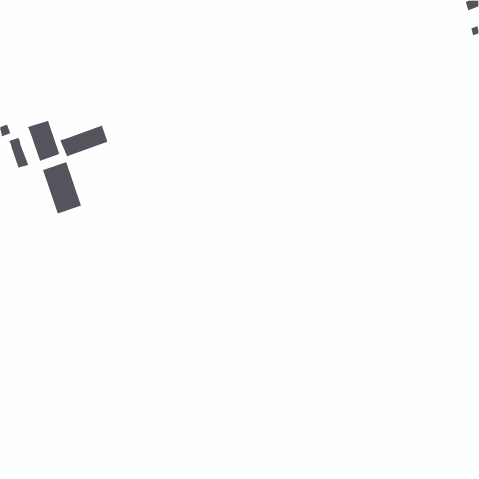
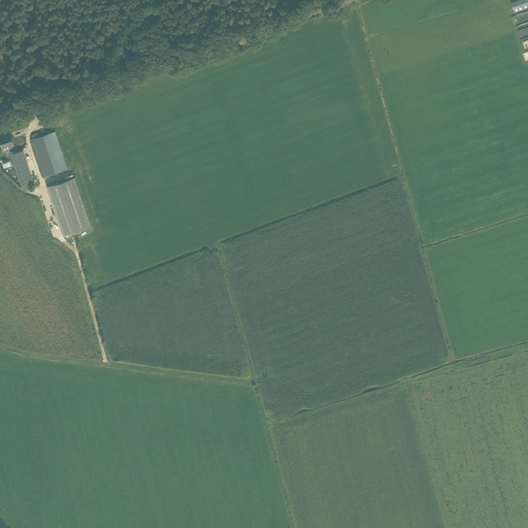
building: [59,125,108,157] -> none

